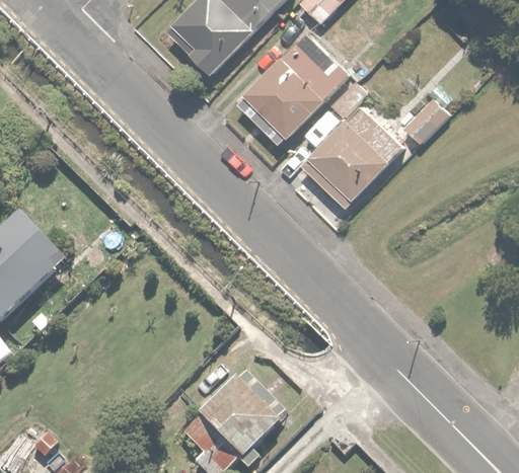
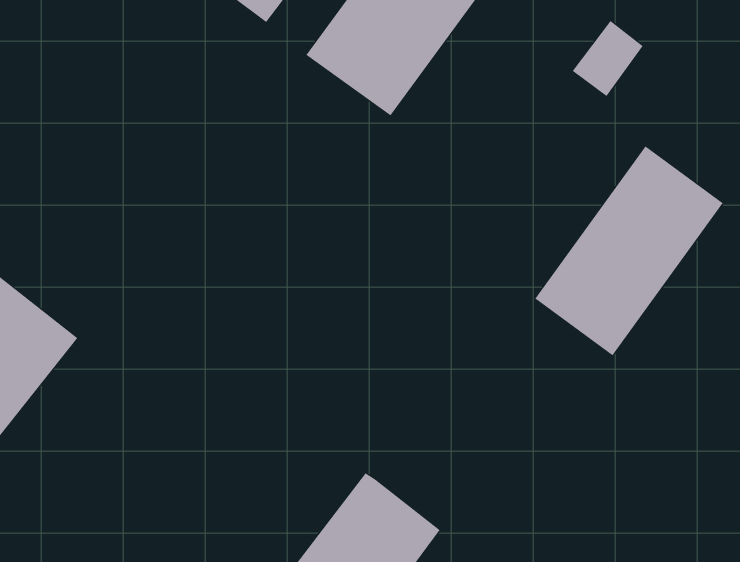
building: [303,86,402,204] -> none
building: none -> [535,146,723,356]

